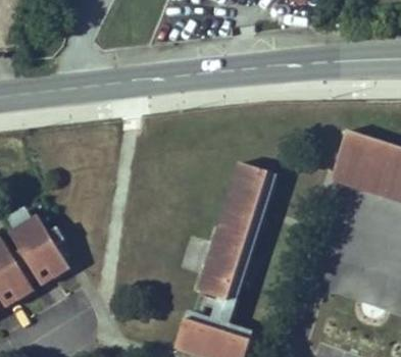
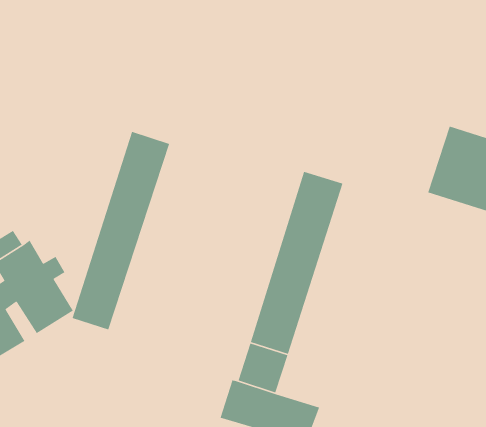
building: none -> [71,131,170,330]

